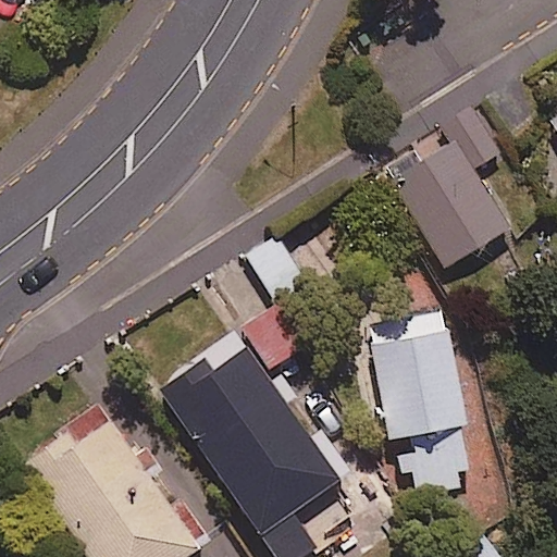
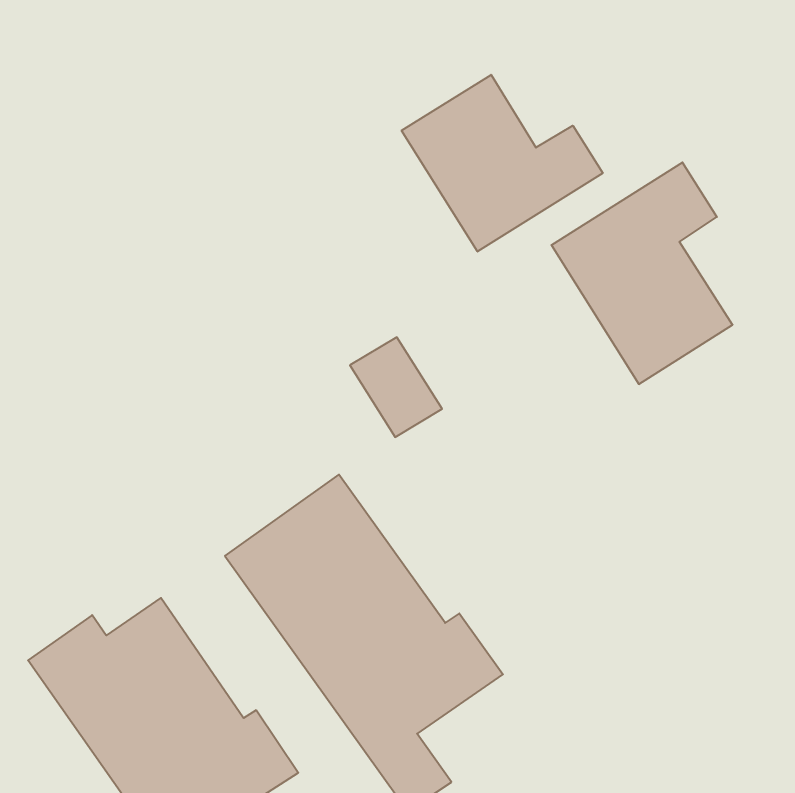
building: none -> [402,75,603,252]
building: [368,313,478,502] -> none

